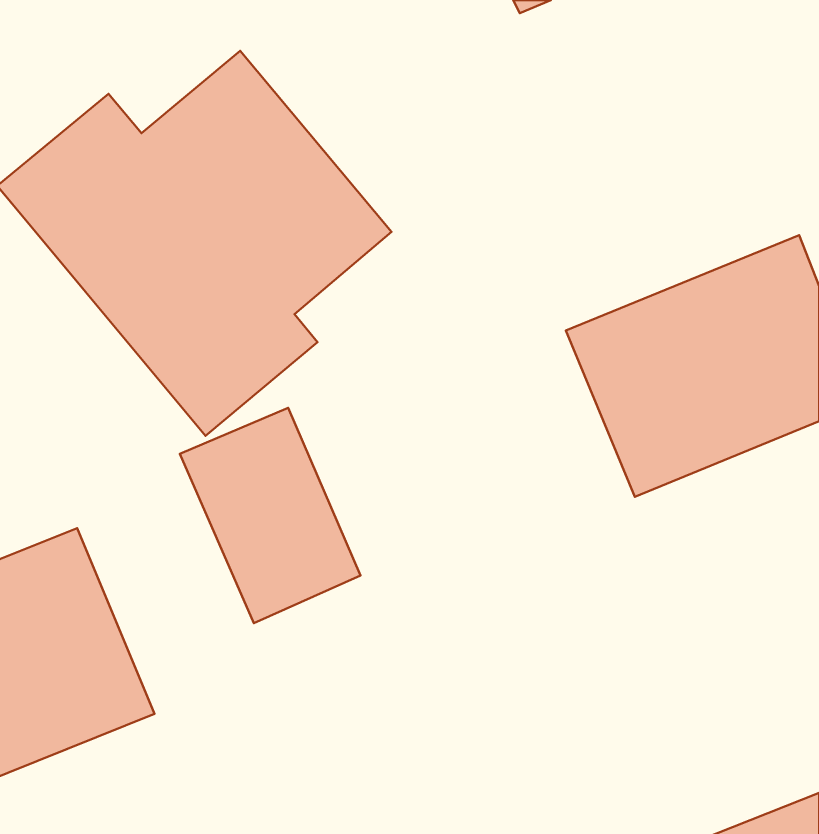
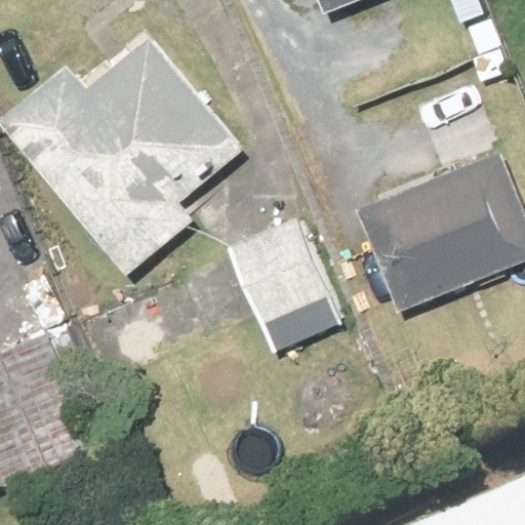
building: [180,408,361,623] -> [225,218,337,353]

